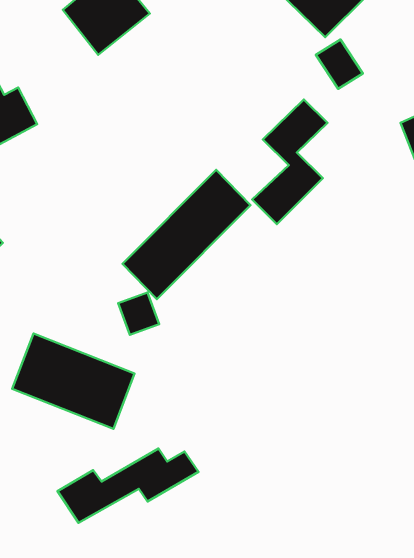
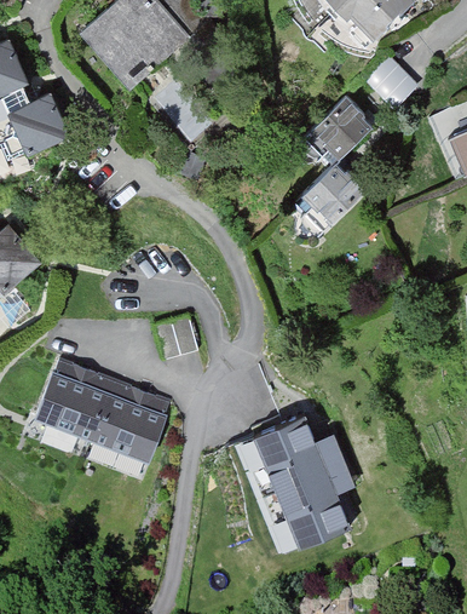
building: [122,170,251,299] -> none
building: none -> [255,418,354,549]
building: [57,449,199,523] -> none

